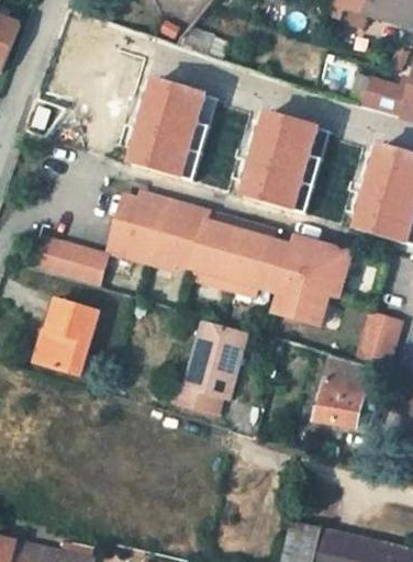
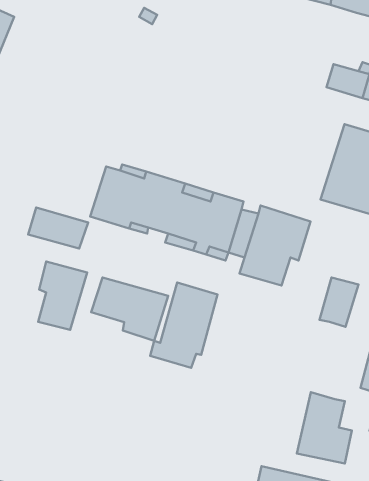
building: [130,77,217,178] -> none
building: [242,111,330,212] -> none
building: none -> [91,277,168,341]
building: [313,352,373,430] -> [297,392,352,463]

